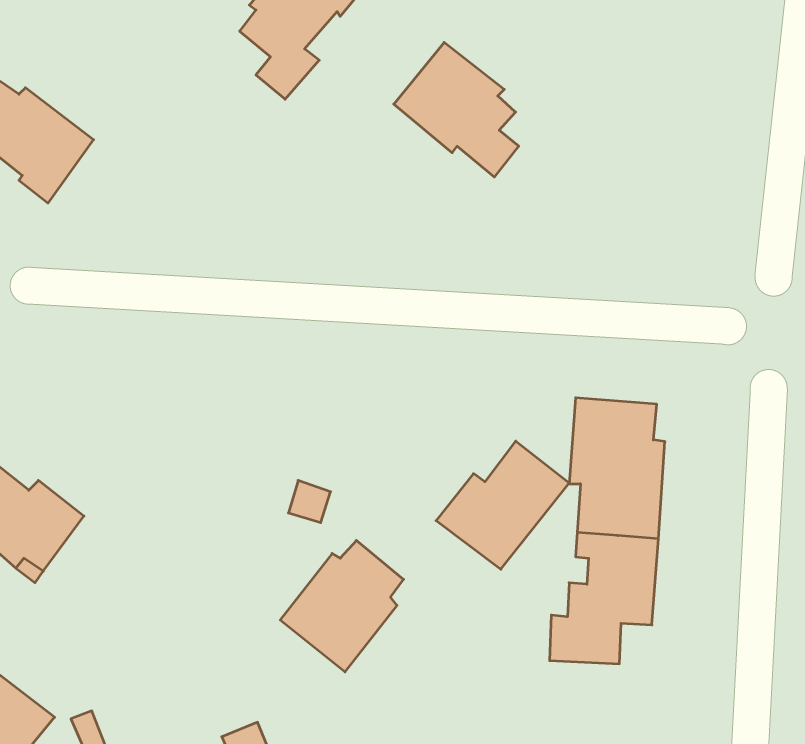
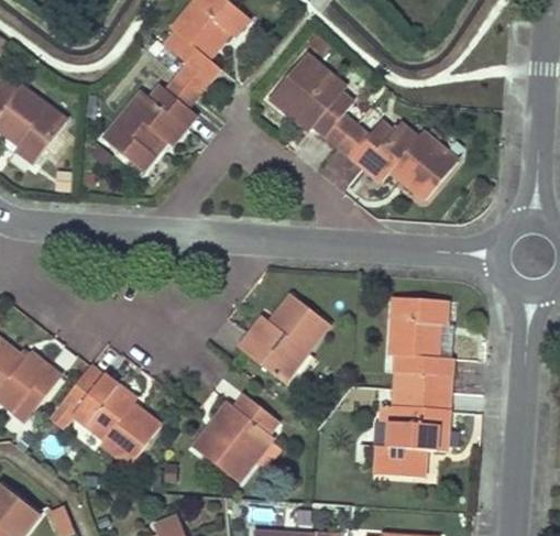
building: none -> [103,76,196,169]
building: none -> [338,121,457,199]
building: [436,441,569,569] -> [238,293,328,380]
building: none -> [64,364,160,464]

